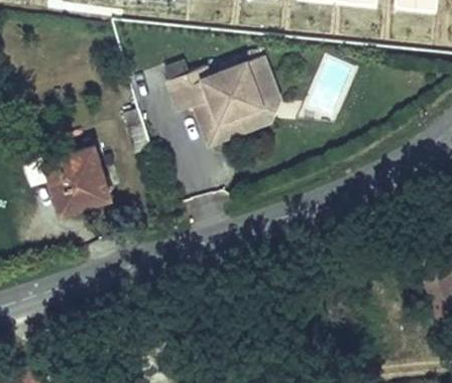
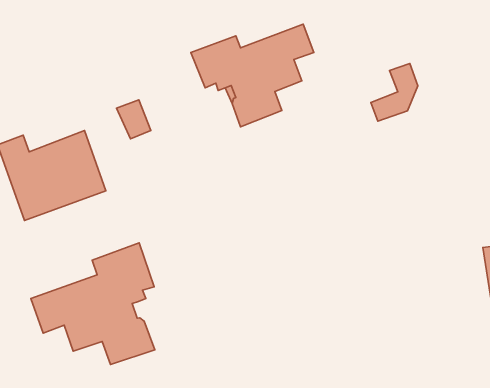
building: [245,75,286,124] -> [371,63,418,121]
building: none -> [31,243,155,364]

